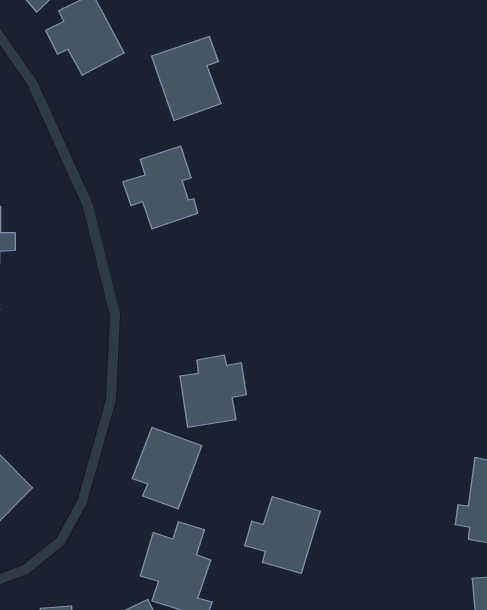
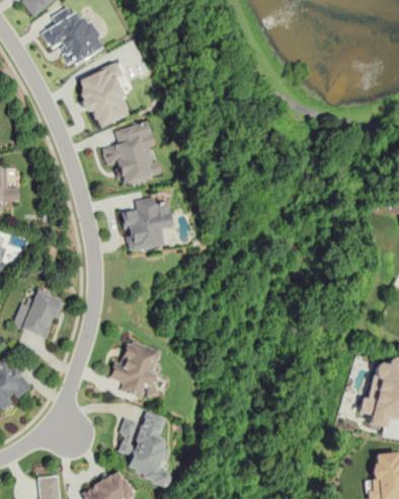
building: [152,36,221,121] -> [76,62,130,127]
building: [180,355,247,427] -> [122,196,173,252]
building: none -> [13,289,65,341]
building: [245,497,320,573] -> none

